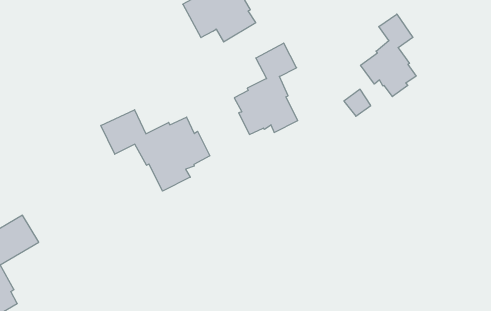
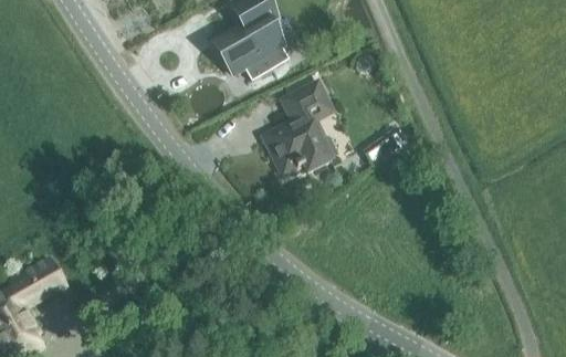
building: [361,14,416,97] -> none
building: [101,110,210,191] -> none

